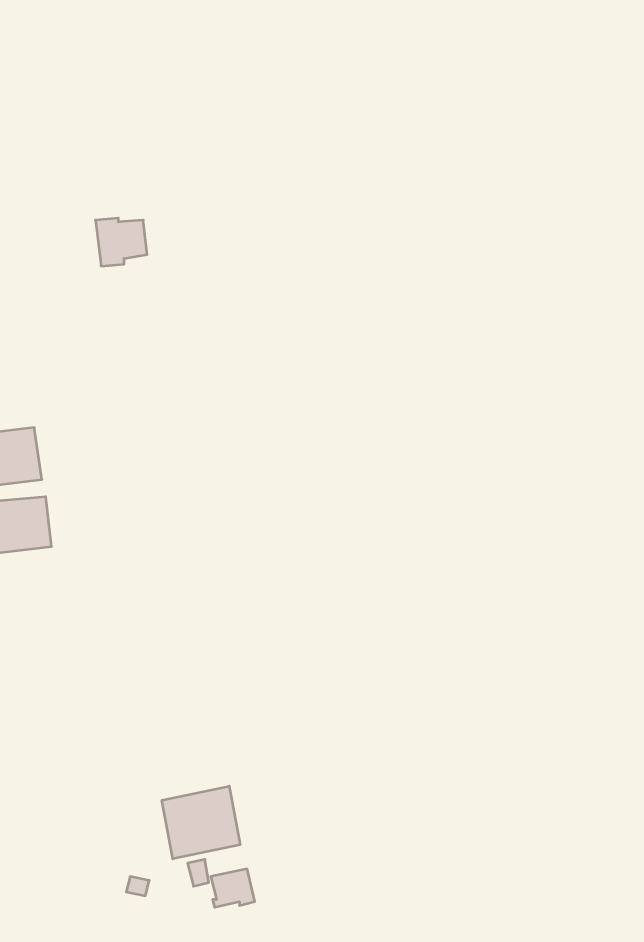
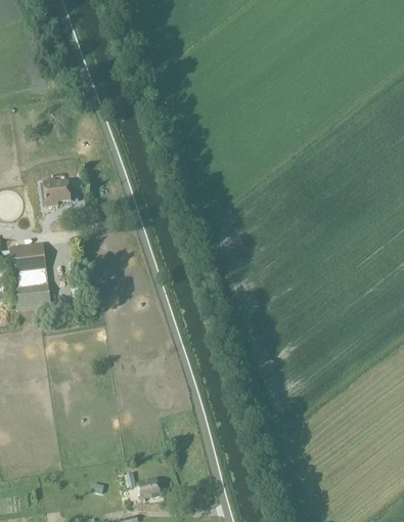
building: [95,218,147,266] -> [42,179,70,205]
building: [162,786,240,859] -> none

